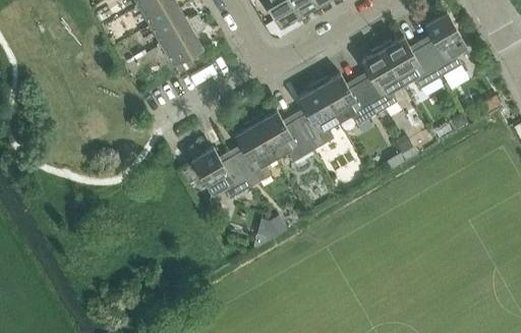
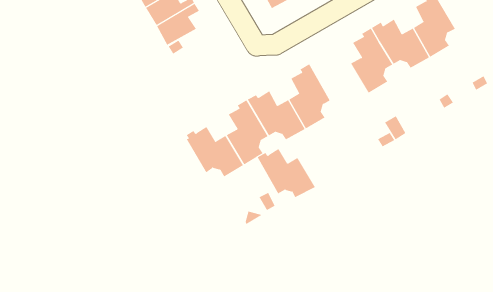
building: [317,74,378,125] -> [257,148,316,198]

